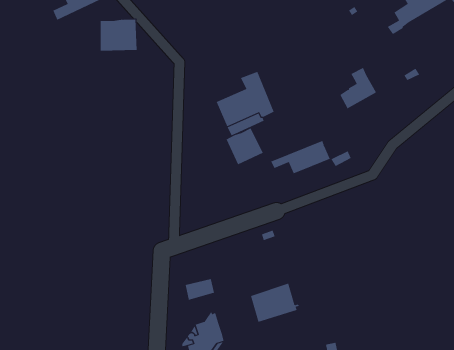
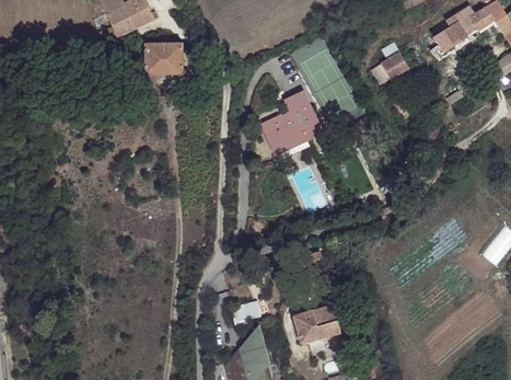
building: [339,67,377,109] -> [371,42,408,83]
building: [226,127,263,165] -> none
building: [271,140,331,174] -> none

